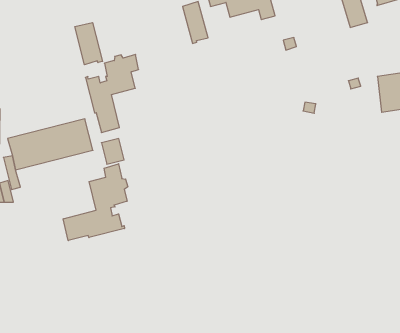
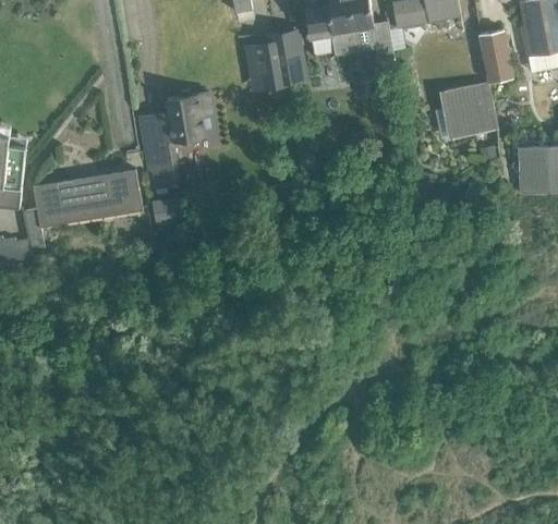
building: none -> [256,35,283,87]
building: [75,23,103,65] -> none
building: none -> [442,83,496,138]
building: [63,164,128,241] -> none

